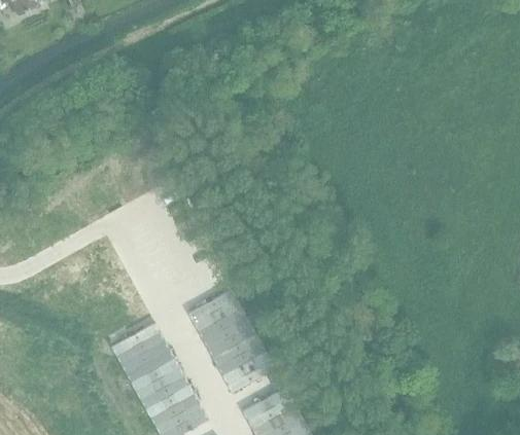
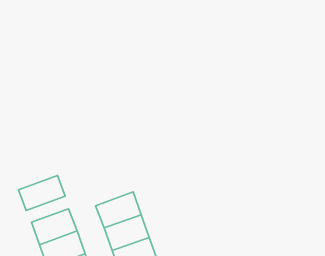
building: none -> [18,175,65,211]

